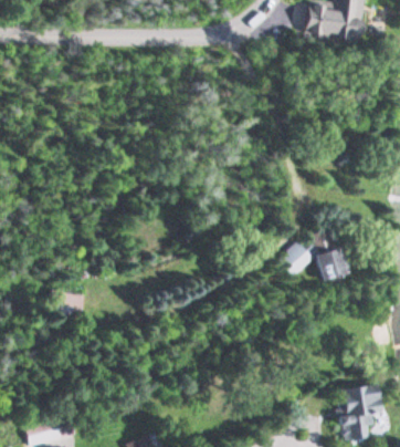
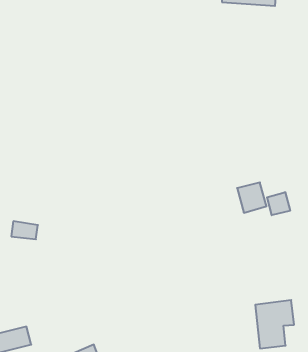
building: [278,243,314,279] -> none
building: none -> [267,192,290,215]

